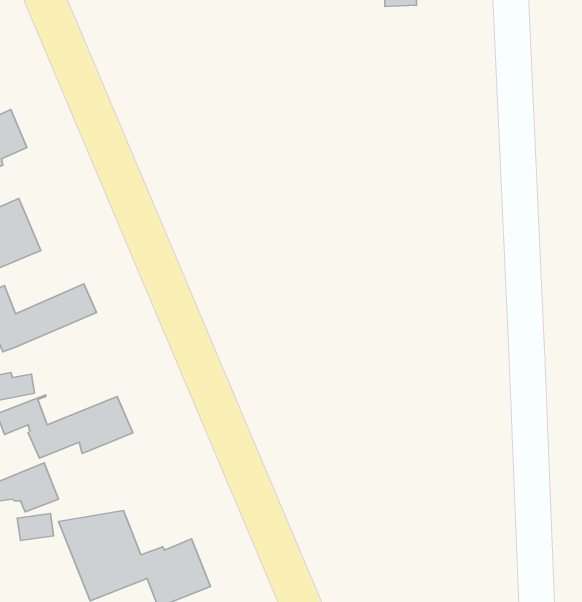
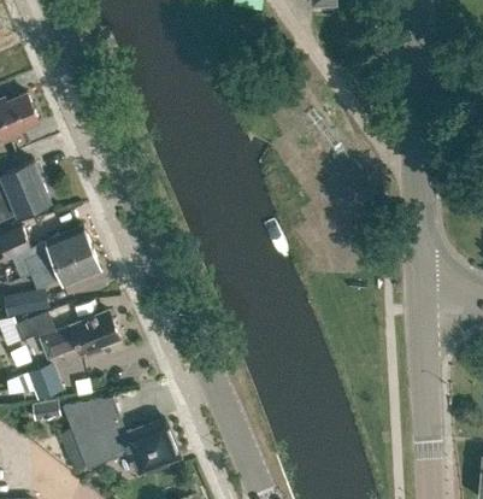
building: none -> [31,248,102,289]

